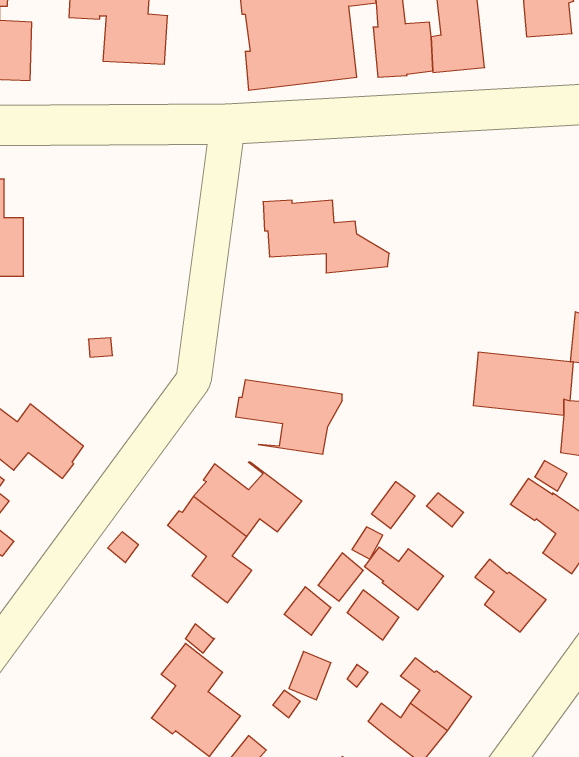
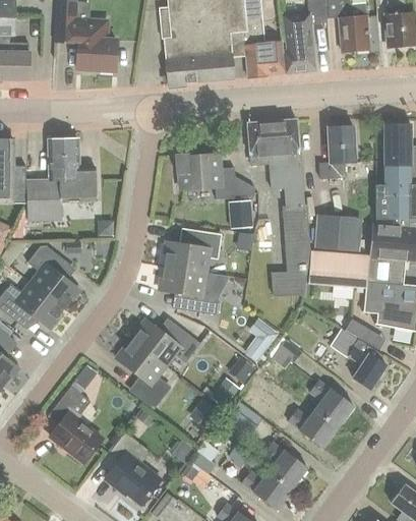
building: none -> [247,120,309,297]
building: none -> [318,126,355,179]
building: none -> [26,139,96,221]
building: none -> [228,199,253,228]
building: none -> [317,215,361,251]
building: none -> [165,231,222,274]
building: none -> [27,246,79,309]
building: [364,547,444,610] -> [288,408,338,448]
building: none -> [50,387,103,460]

